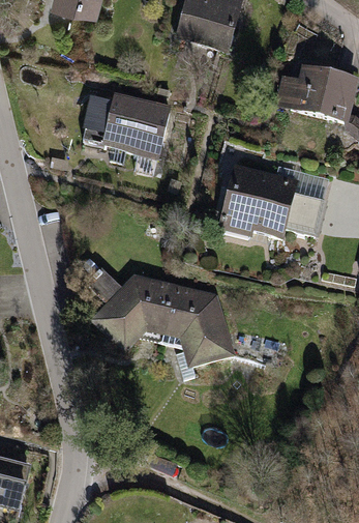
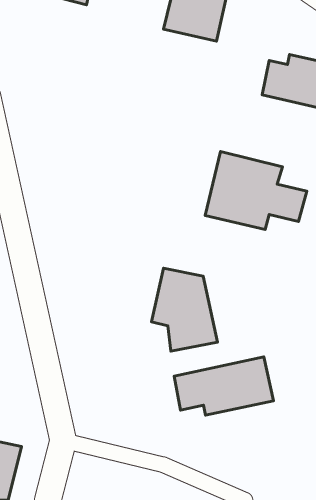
building: [76,94,169,162] -> none
building: [90,271,177,353] -> none
building: none -> [174,357,273,415]

